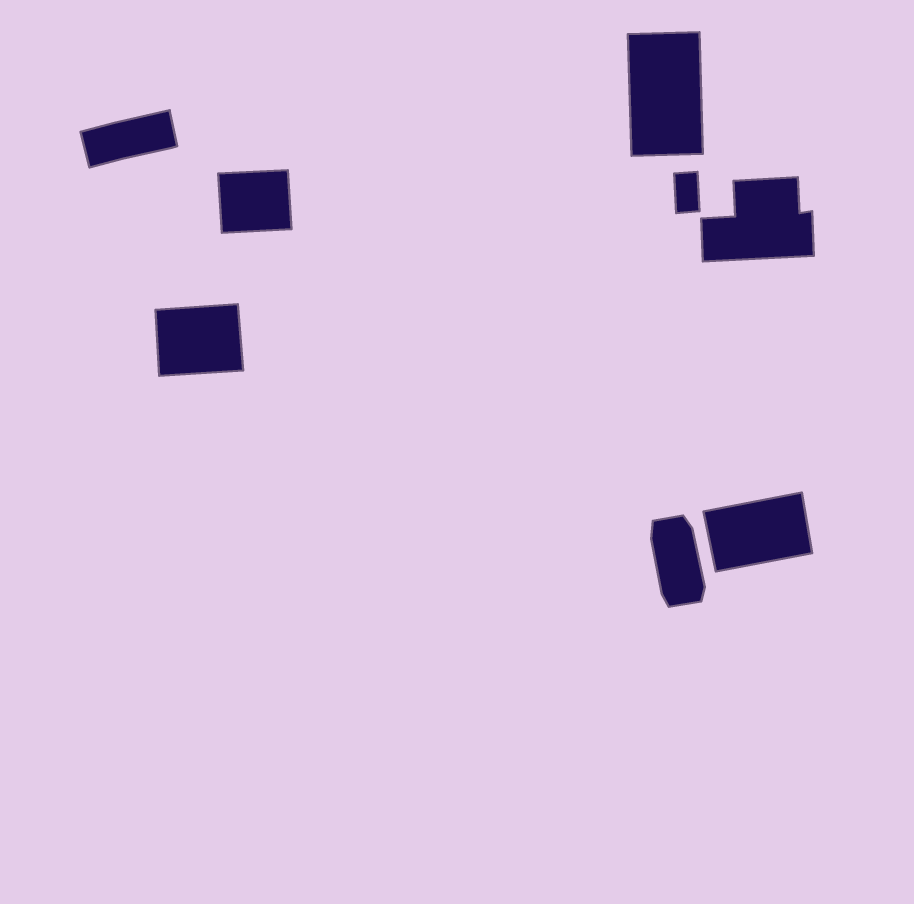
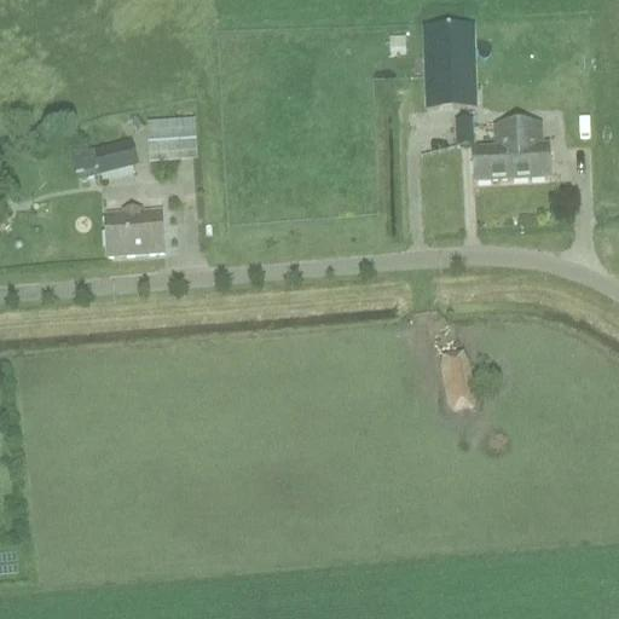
building: [81,110,177,167] -> [71,138,137,177]
building: [703,492,812,572] -> none

